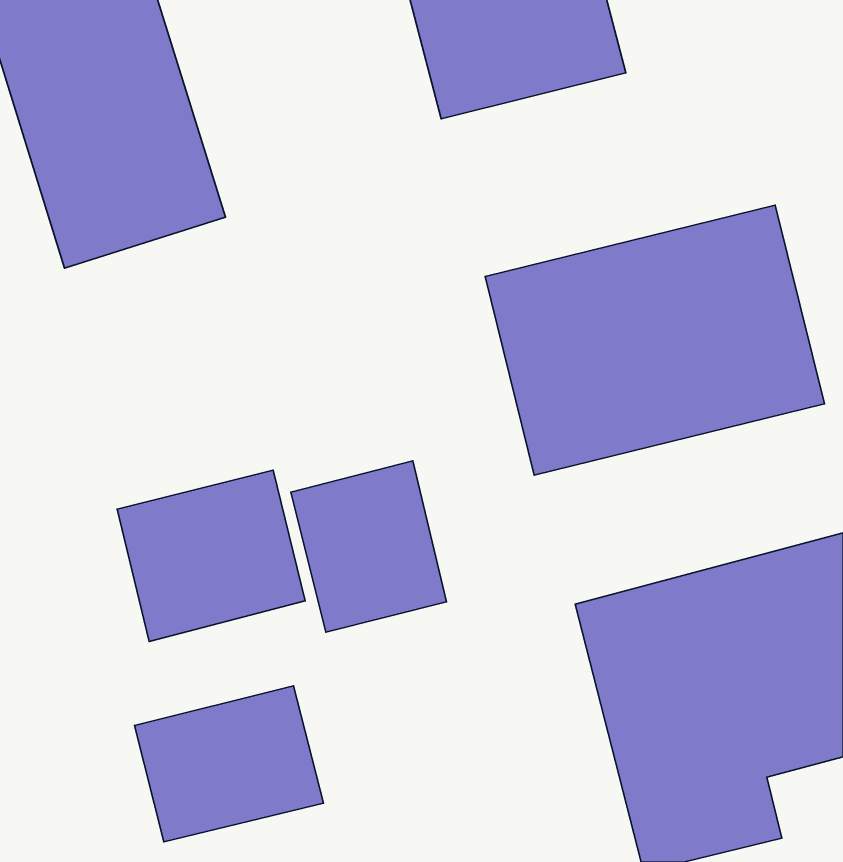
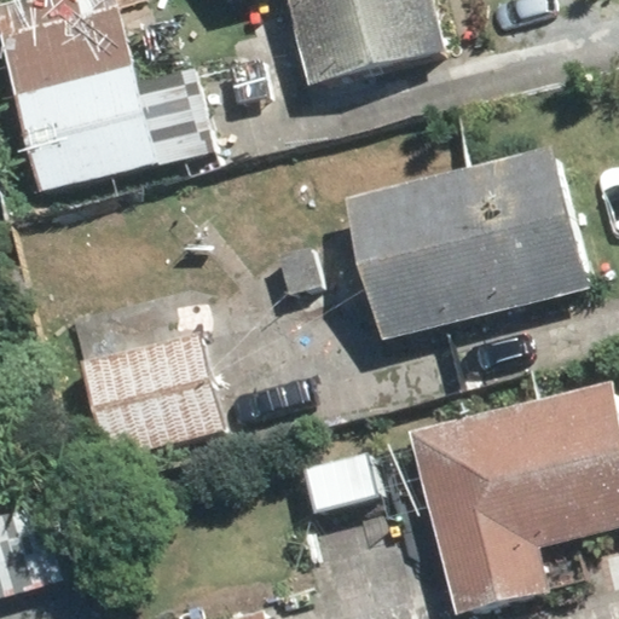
building: [291,461,446,632] -> none
building: [135,686,324,842] -> none

